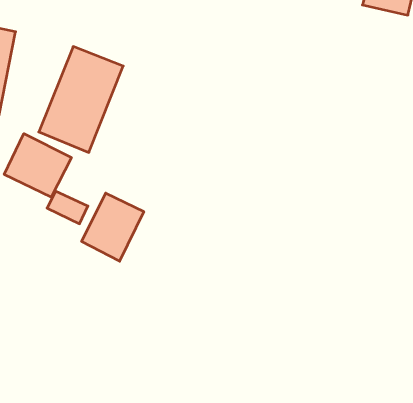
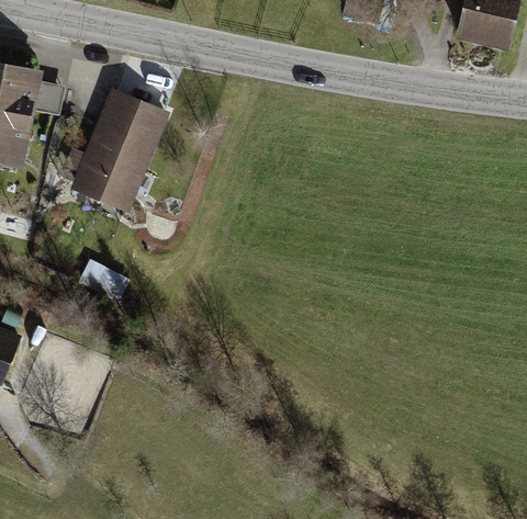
building: [4,134,71,197] -> none
building: [82,193,144,261] -> none

